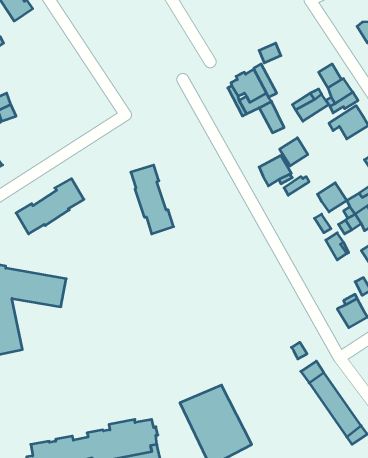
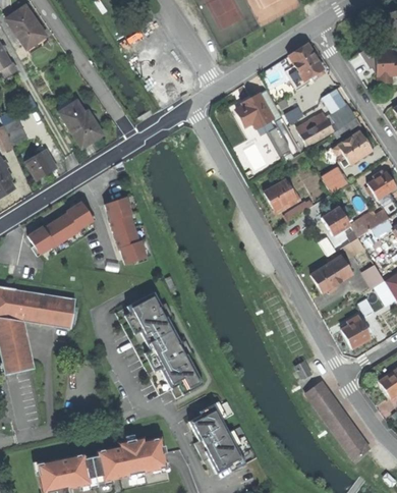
building: none -> [289,43,324,80]
building: none -> [56,99,101,148]
building: none -> [24,150,52,179]
building: [280,138,308,166] -> [322,166,349,194]
building: [131,165,174,234] -> [105,198,147,265]
building: none -> [310,262,341,292]
building: none -> [118,293,205,405]

